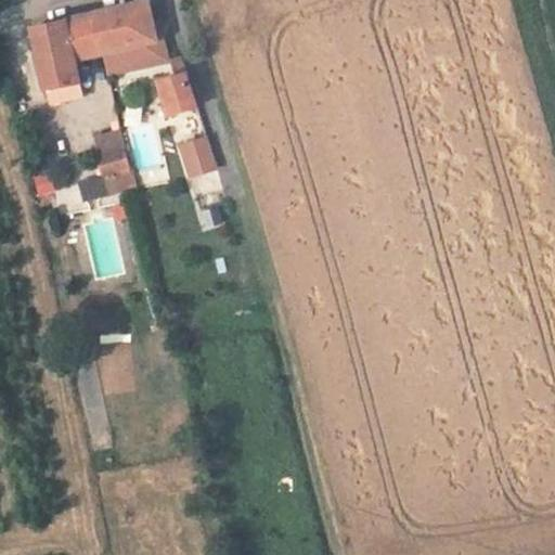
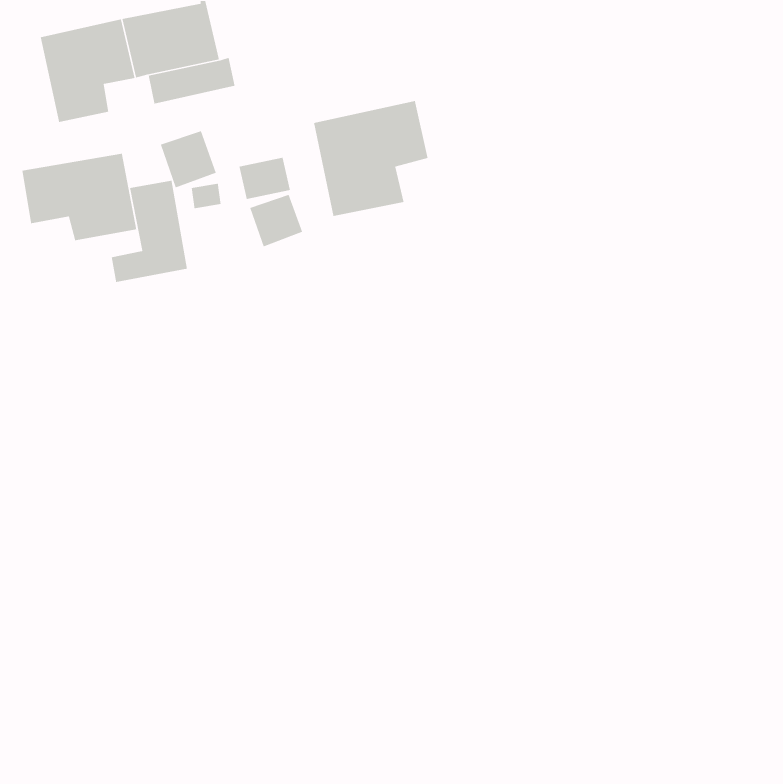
building: none -> [313,100,428,217]
building: [152,76,192,117] -> [160,130,217,189]
building: none -> [21,153,137,241]

